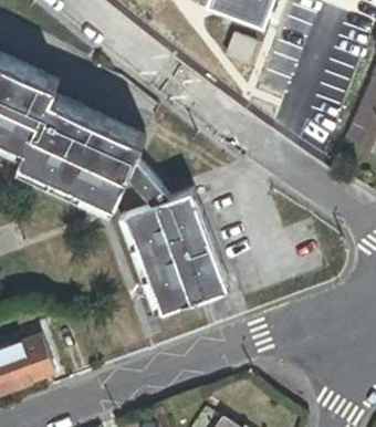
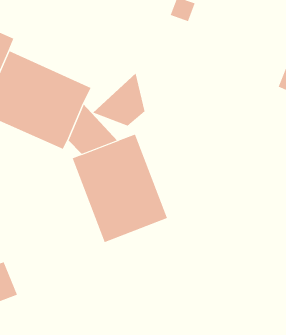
building: none -> [92,73,145,127]

